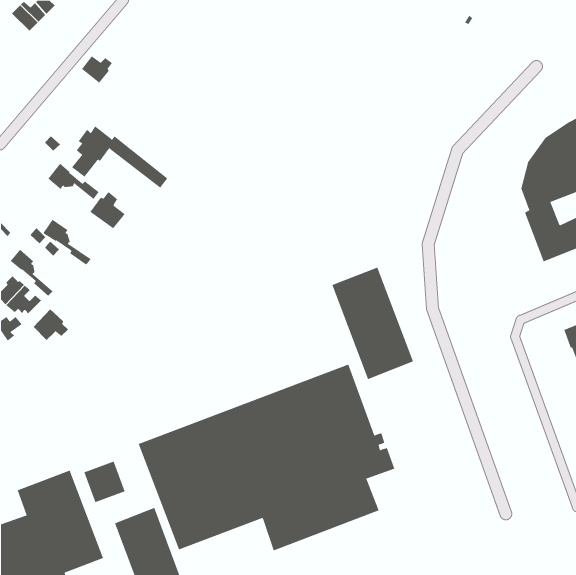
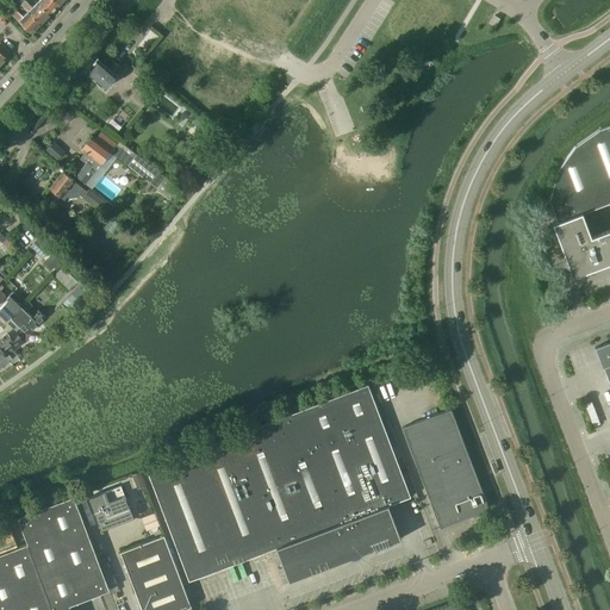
building: [90,191,125,229] -> none
building: [43,219,91,266] -> none
building: [10,249,53,297] -> none
building: [331,267,414,380] -> [403,411,490,530]
building: [33,308,69,341] -> none

